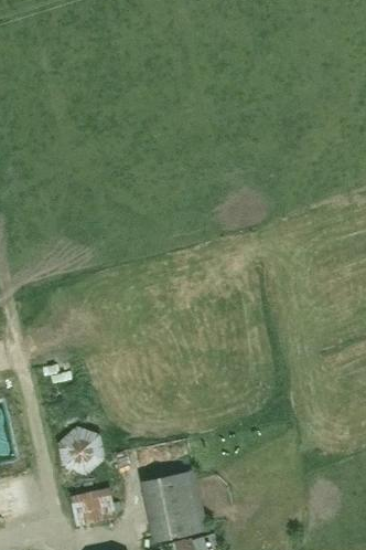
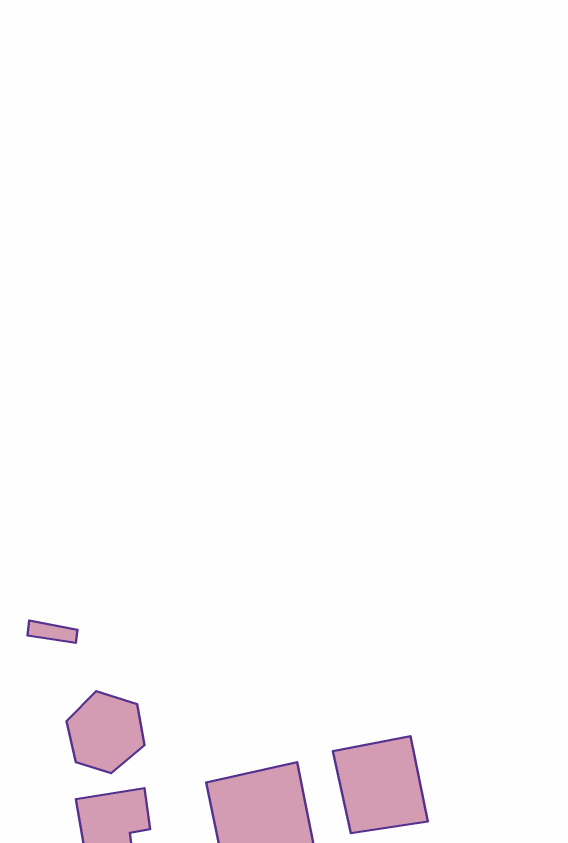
building: none -> [333,736,428,833]

